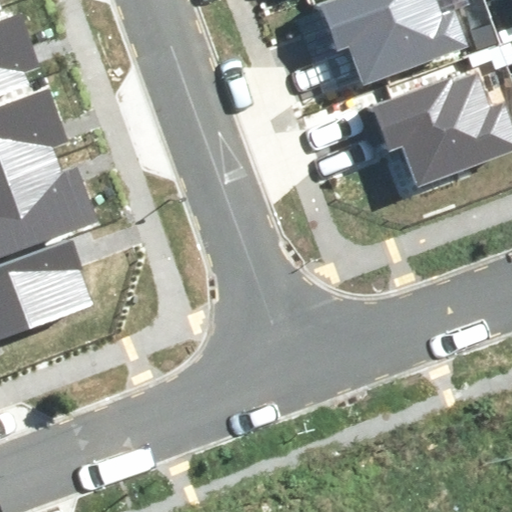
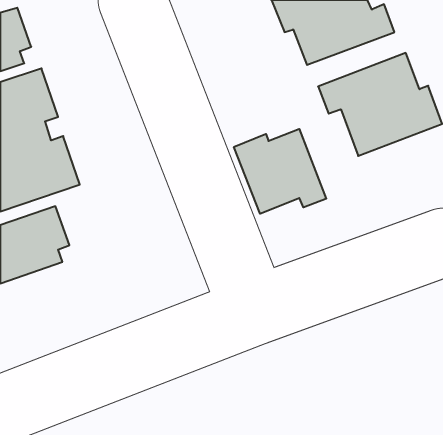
building: none -> [234,129,326,214]

